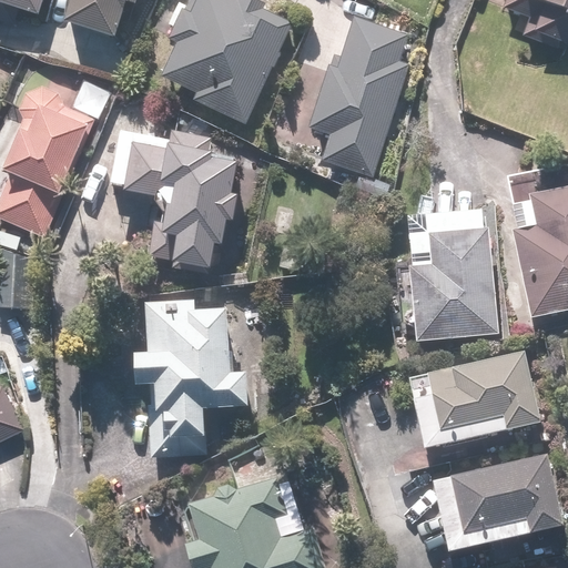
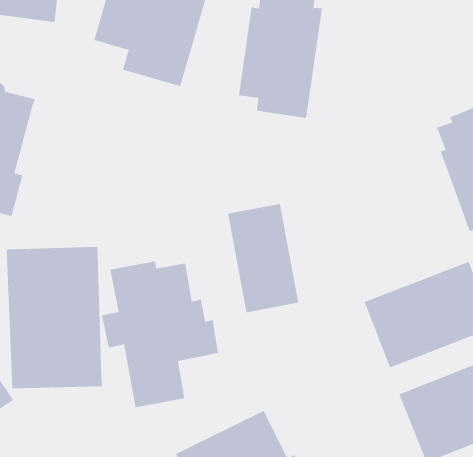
building: [109,126,234,265] -> none
building: [405,209,500,344] -> none
building: none -> [227,203,299,313]
building: none -> [6,246,102,389]

